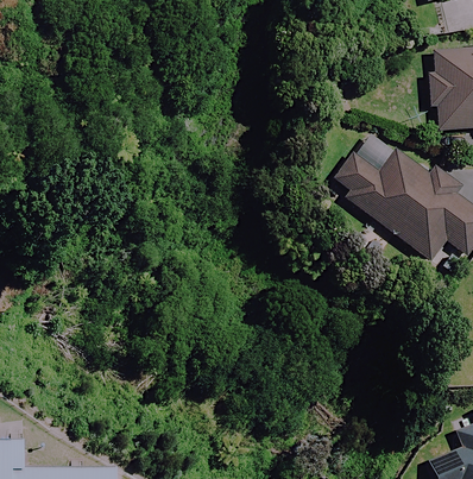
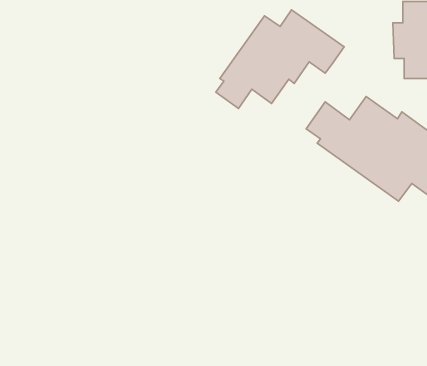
building: none -> [216,10,344,108]

